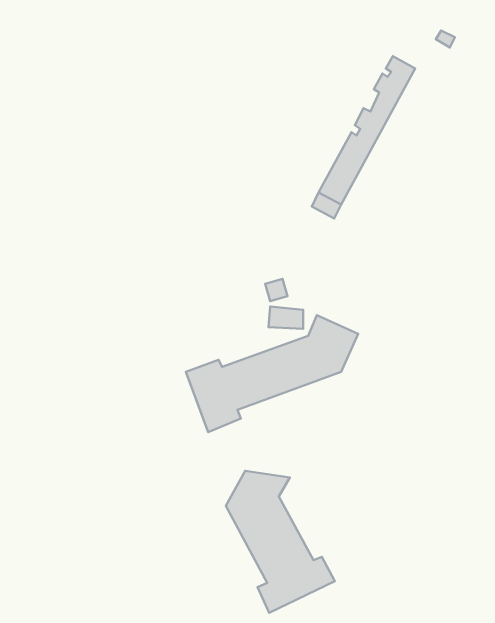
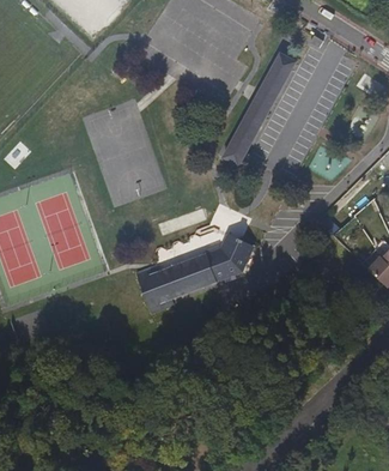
building: [226,471,335,613] -> none

